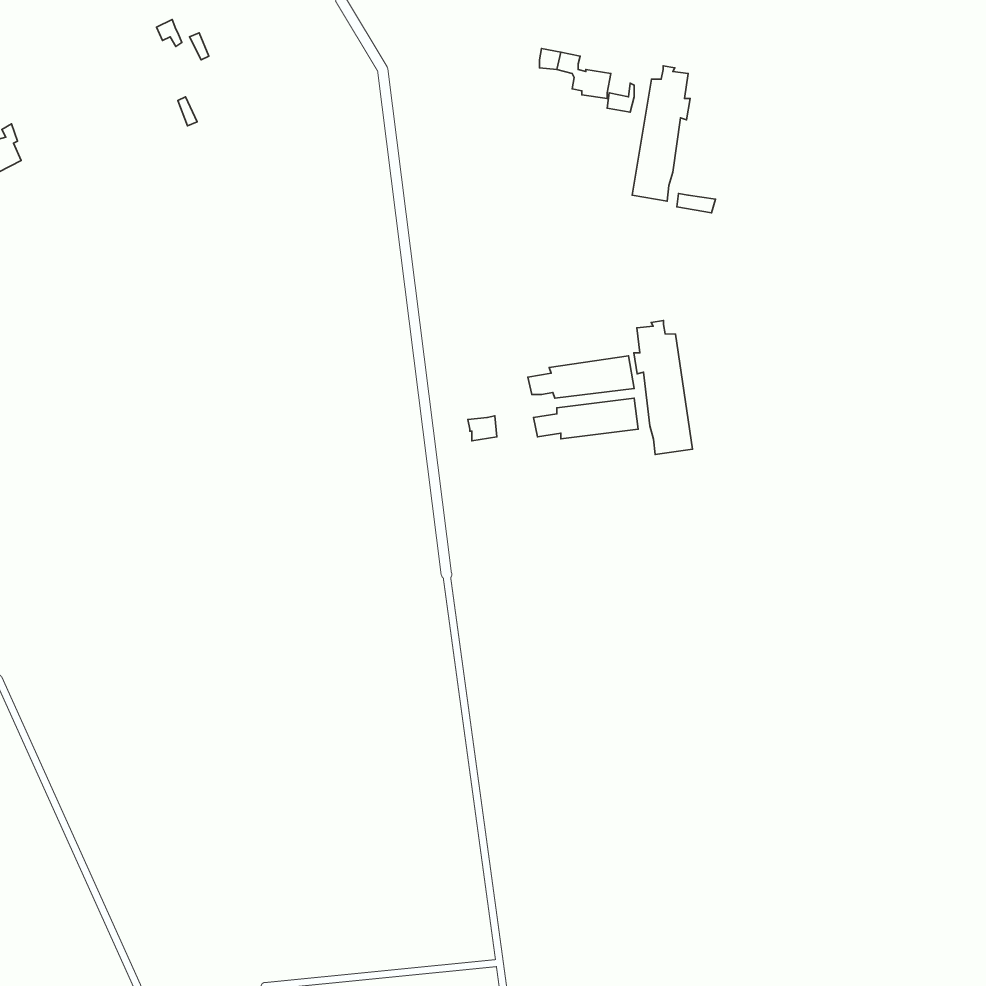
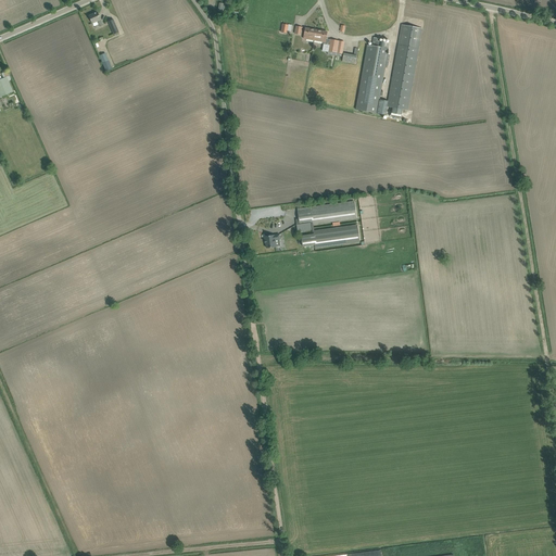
building: none -> [386,24,421,110]
building: [634,321,692,454] -> none

